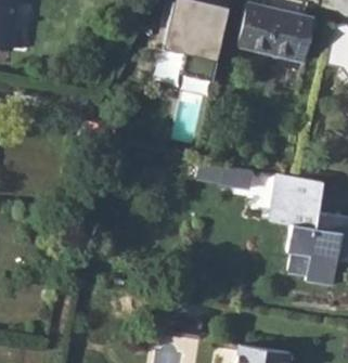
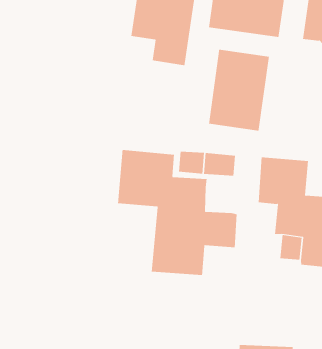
building: none -> [208,49,270,131]
building: none -> [118,149,237,276]

